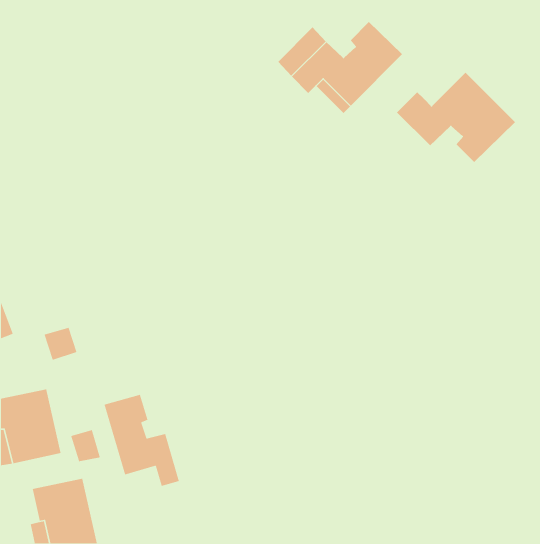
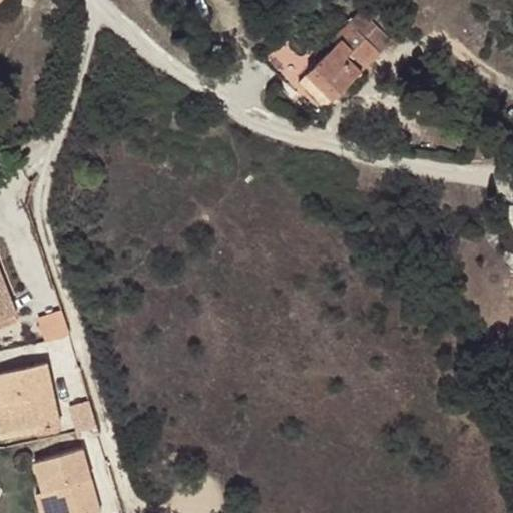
building: [396,72,516,163] -> none
building: [103,394,180,487] -> none

